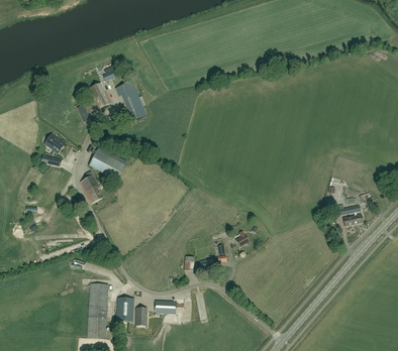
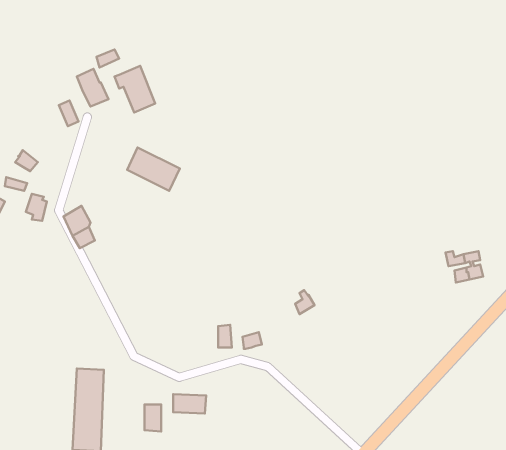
building: [89,149,124,179] -> [127,147,180,191]
building: [116,297,133,321] -> none

